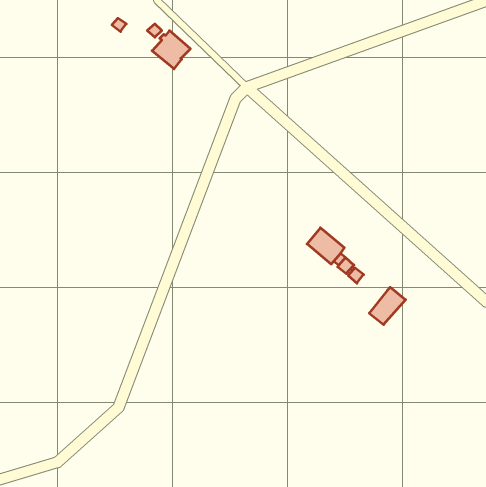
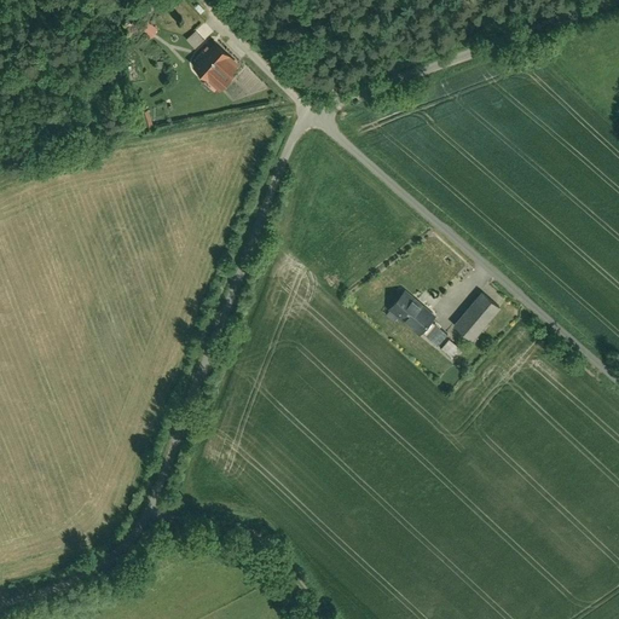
building: [369,287,406,325] -> [453,295,499,342]

